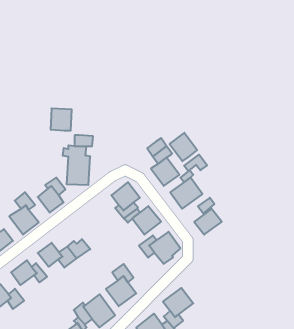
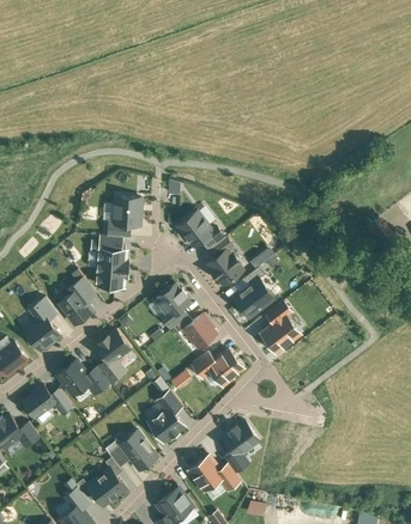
building: [51,108,72,131] -> [113,194,140,223]
building: [170,133,197,161] -> [176,207,212,244]
building: none -> [93,327,131,362]

